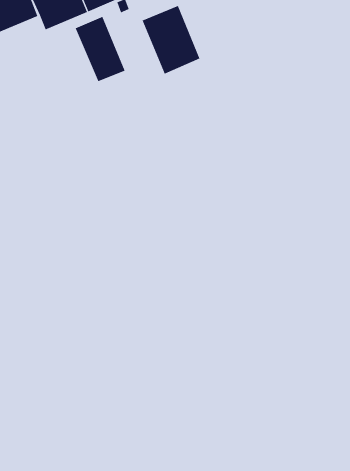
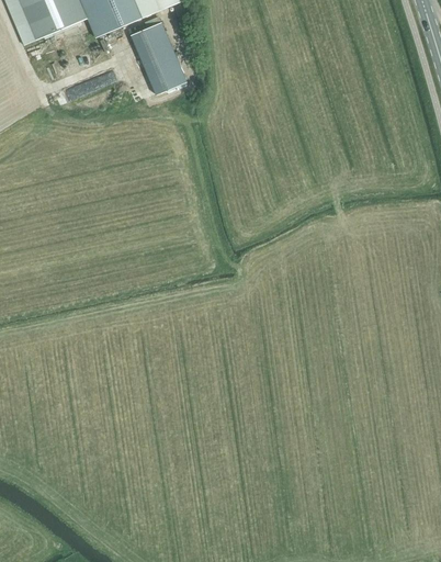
building: [142,5,200,74] -> none

